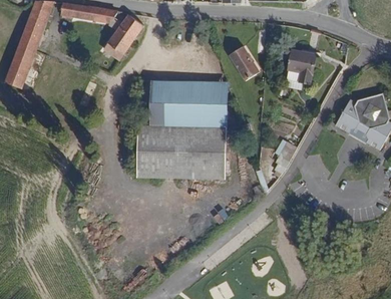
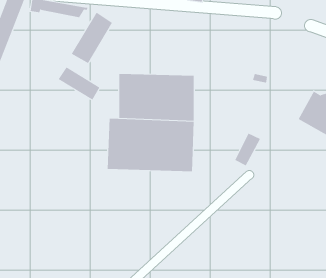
building: [287,47,316,72] -> none
building: [229,49,258,81] -> none
building: none -> [58,67,100,101]

